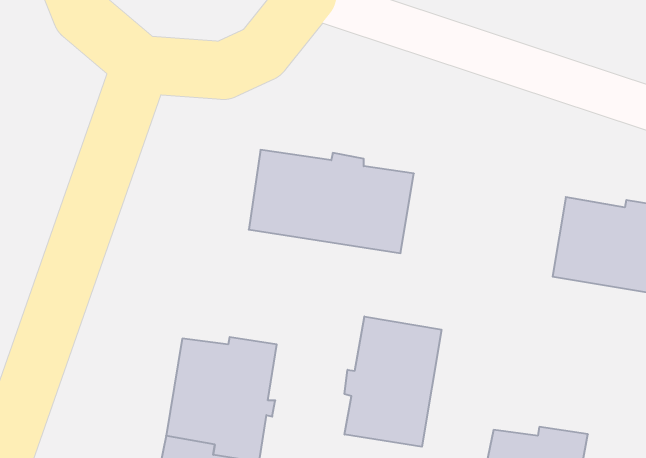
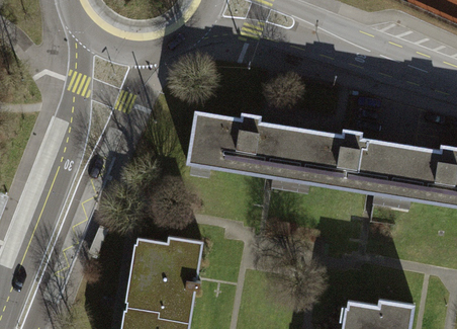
building: none -> [286,128,399,198]
building: [345,316,441,447] -> none

